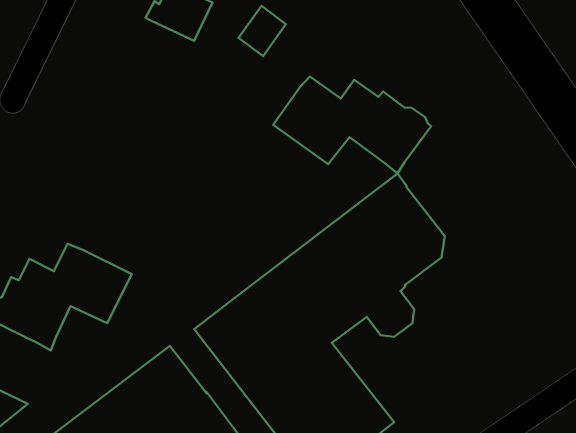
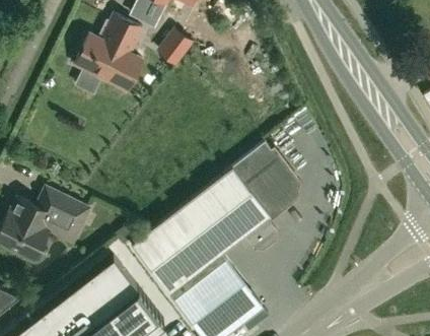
building: none -> [75,35,143,91]
building: [273,77,431,174] -> none

